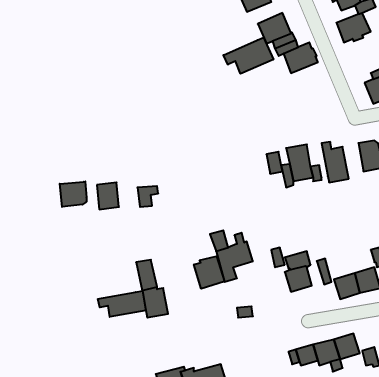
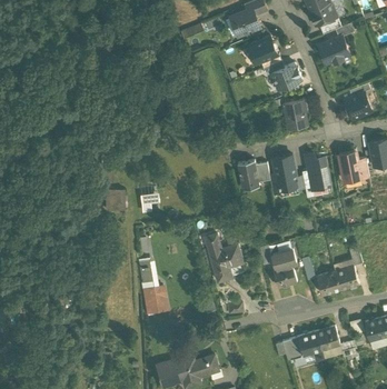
building: [223,37,273,74] -> none
building: none -> [282,100,307,130]
building: none -> [237,160,259,189]
building: [60,181,86,207] -> none
building: [194,256,224,289] -> none
building: [98,291,146,317] -> none

